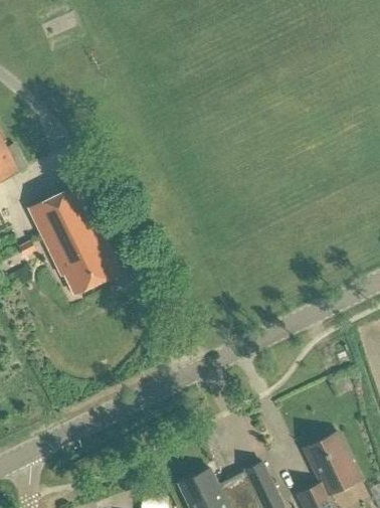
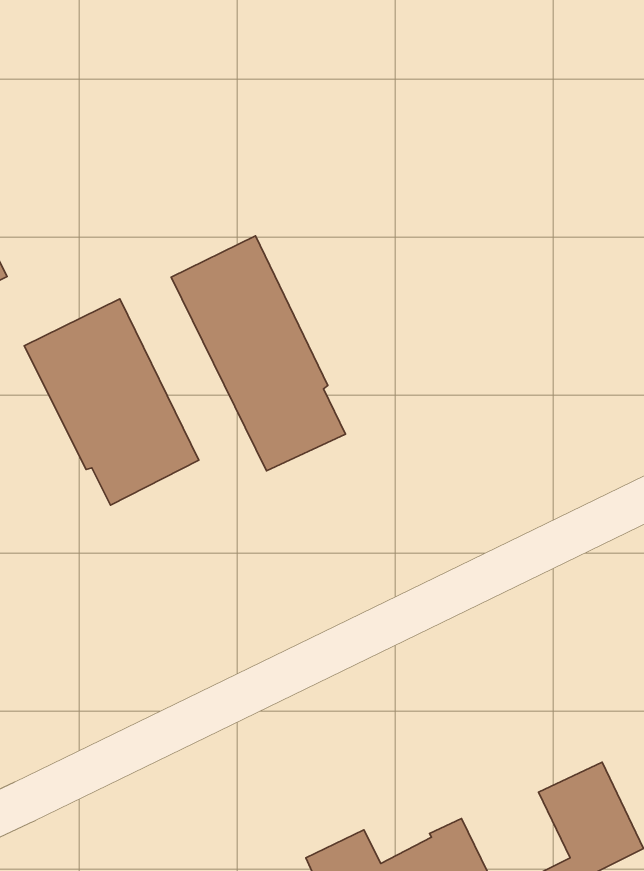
building: none -> [171,236,346,471]

